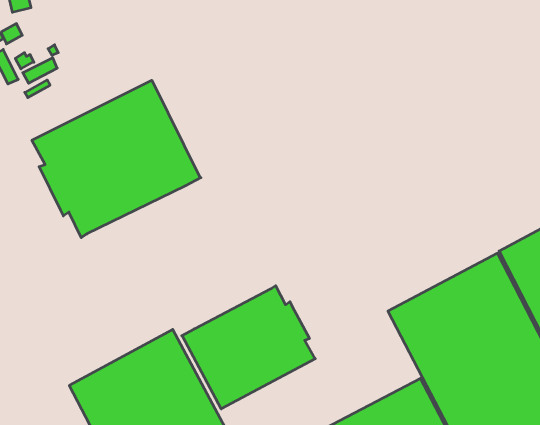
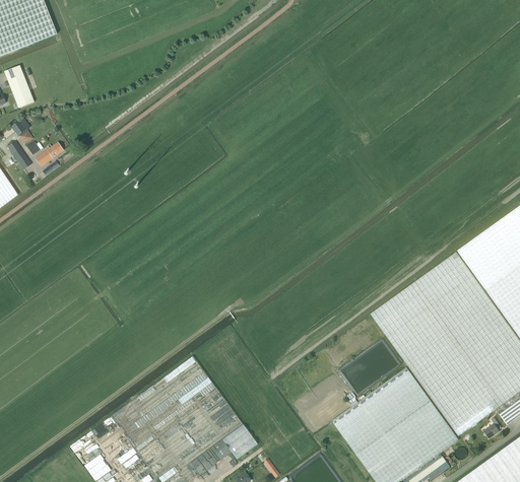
building: [32,80,201,238] -> none
building: [182,286,315,409] -> none

